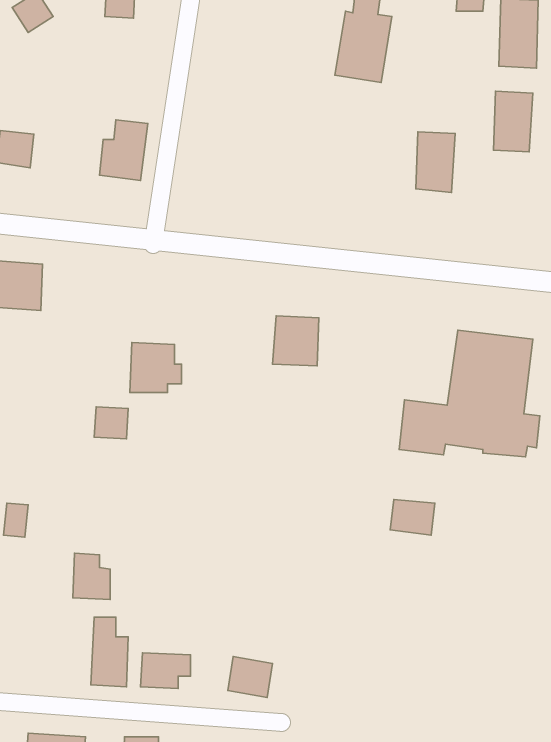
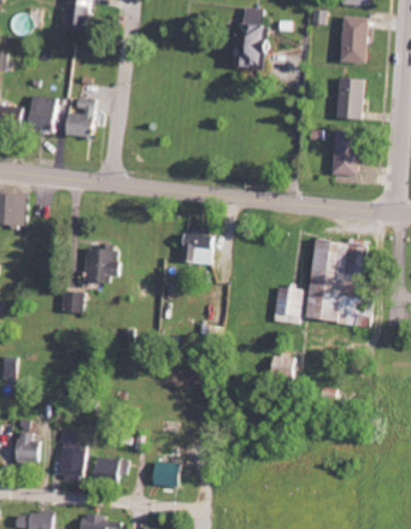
building: none -> [31,95,60,129]
building: [416,132,455,192] -> [328,134,354,175]
building: [73,553,110,600] -> [17,430,42,462]

